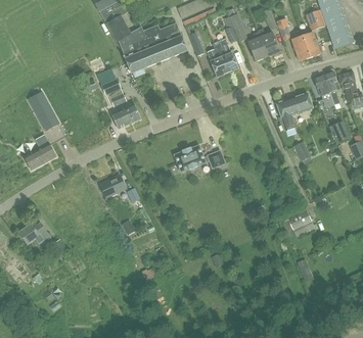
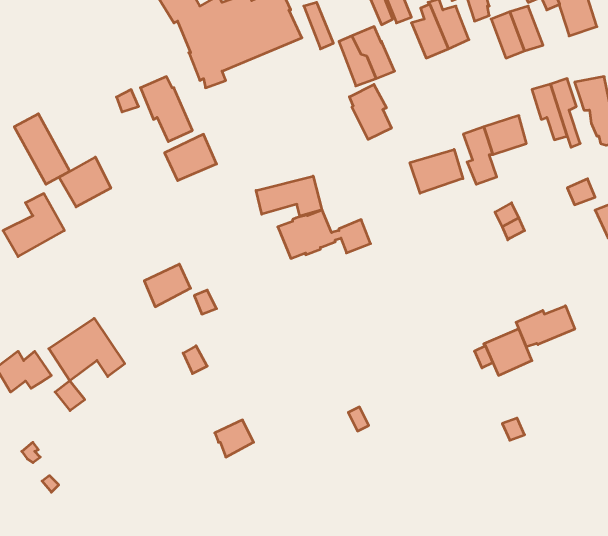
building: none -> [349,84,391,139]
building: none -> [410,149,463,193]
building: none -> [59,157,111,207]
building: none -> [256,176,322,216]
building: none -> [516,306,575,347]
building: none -> [49,318,125,381]

